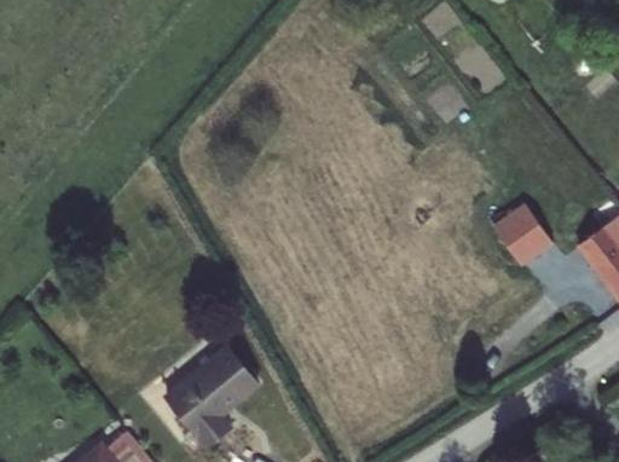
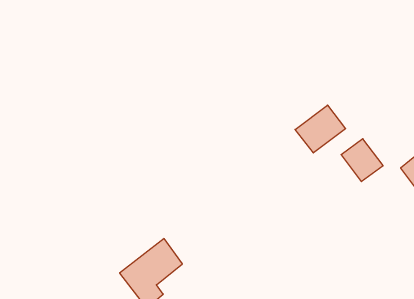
building: none -> [295,105,346,153]

